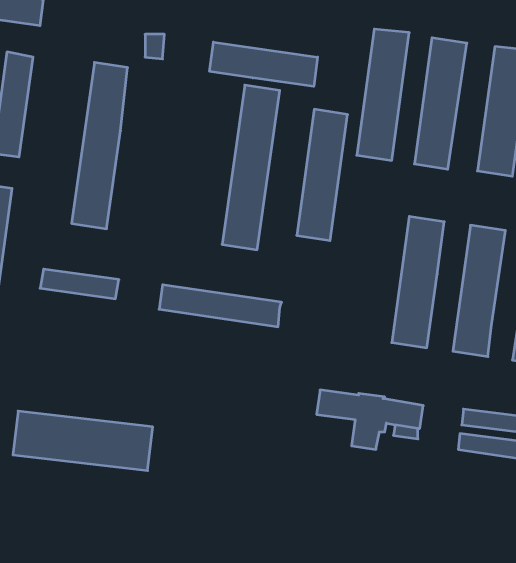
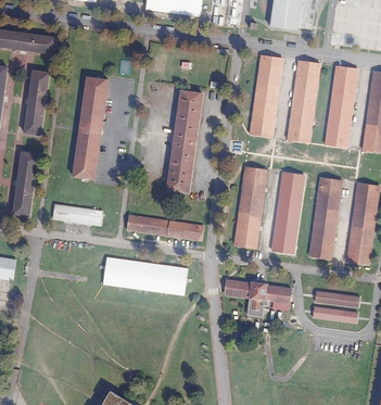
building: [210,42,318,86] -> none
building: [297,109,348,241] -> [234,166,266,248]
building: [13,411,153,471] -> [101,257,188,294]

